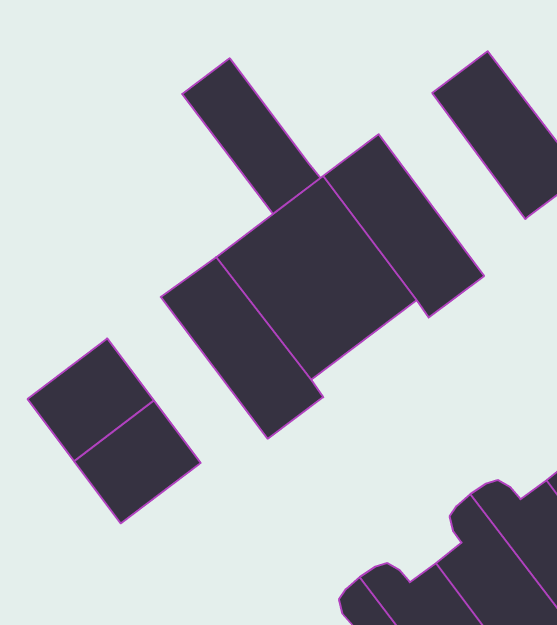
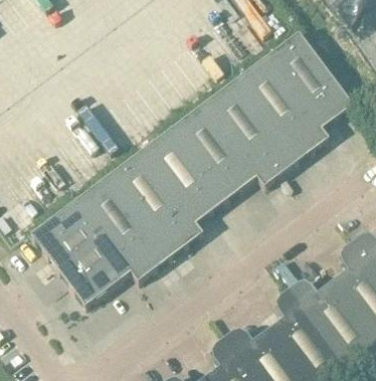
building: [182,58,320,214] -> none
building: none -> [235,55,329,162]
building: none -> [77,174,171,280]

